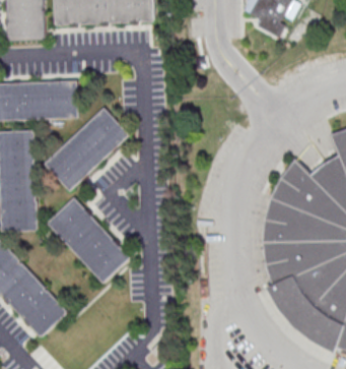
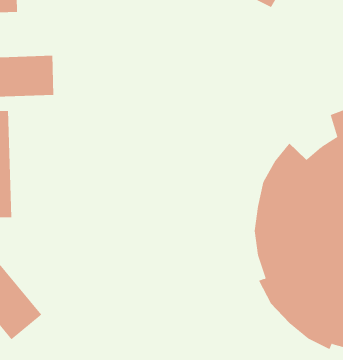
building: [43,108,128,190] -> none
building: [47,198,133,289] -> none

